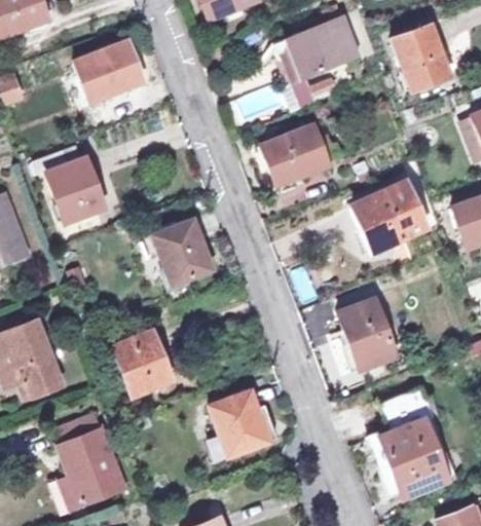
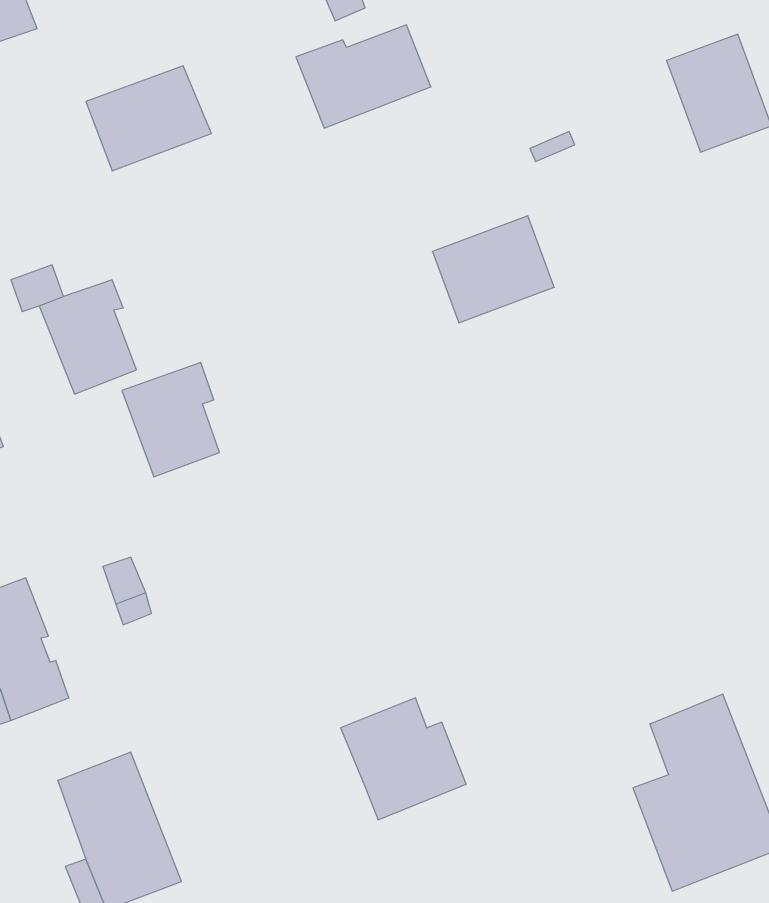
building: [281,24,355,80] -> [296,25,431,128]
building: [354,183,423,250] -> none
building: [151,220,205,283] -> [122,362,219,477]
building: [336,296,395,367] -> none
building: [116,331,172,398] -> none

